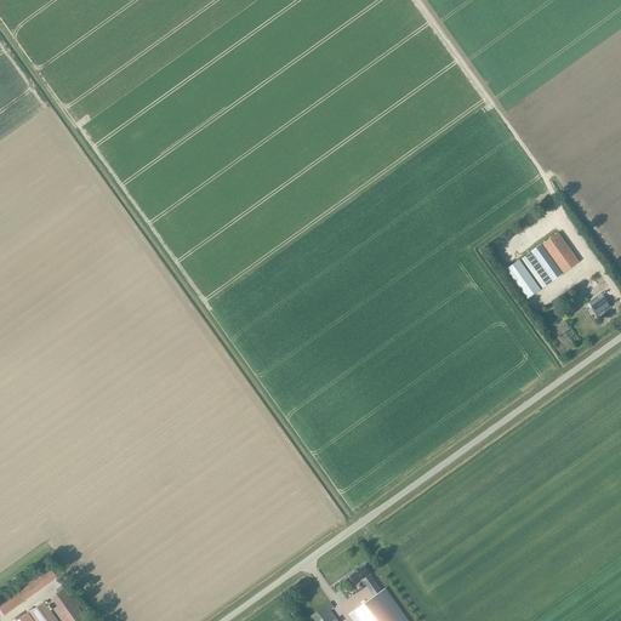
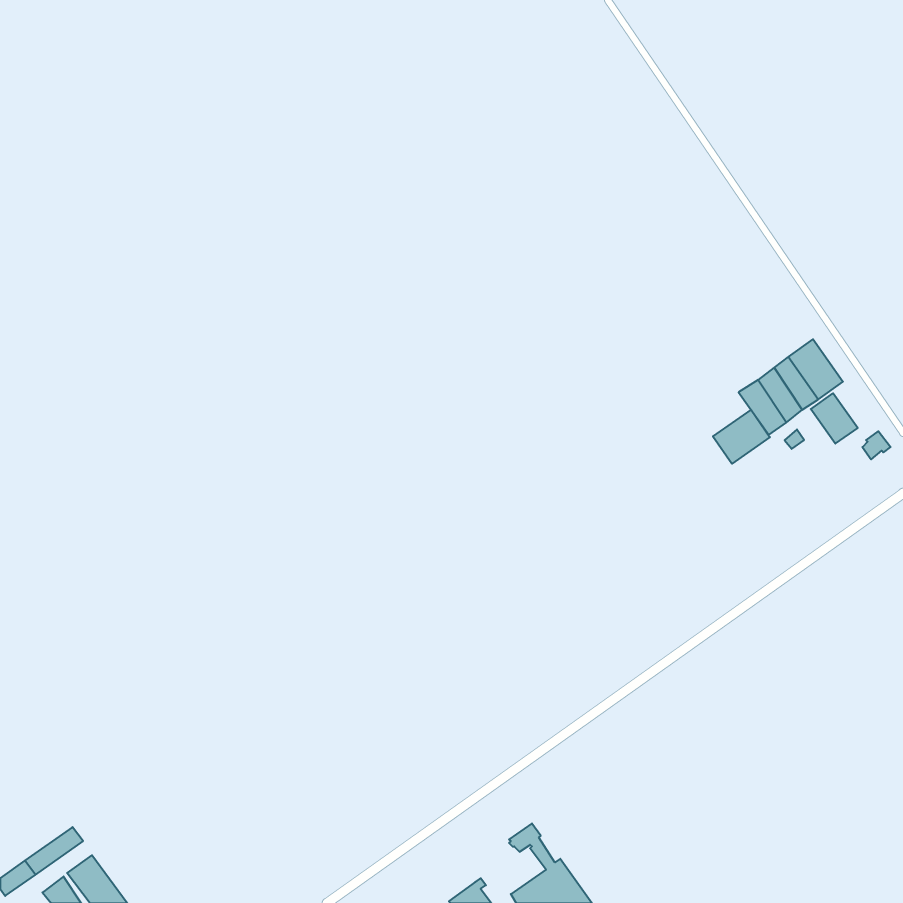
building: none -> [811,393,858,444]
building: none -> [713,410,770,464]

